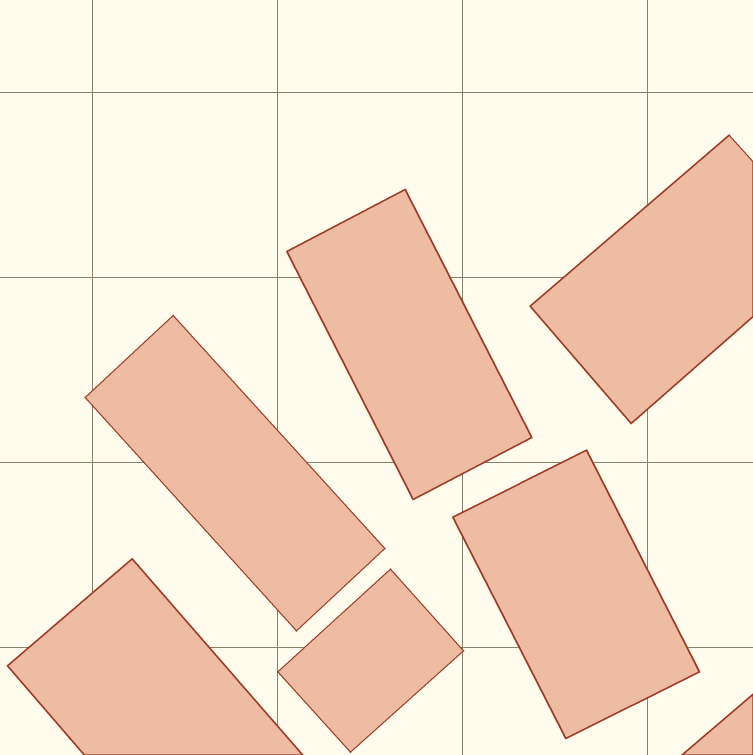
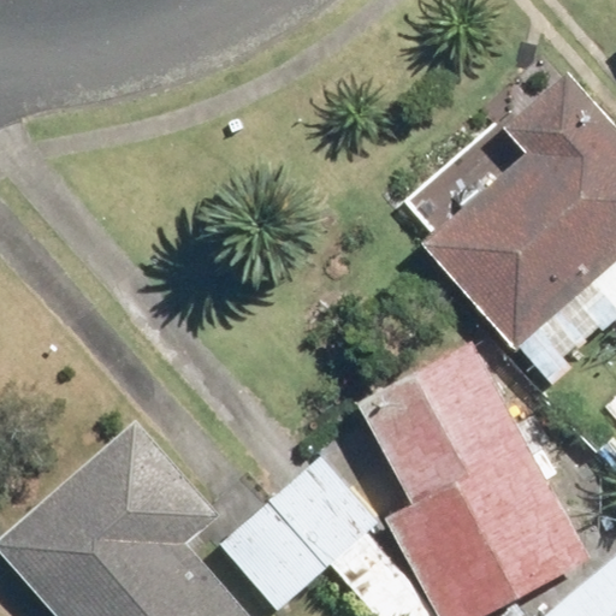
building: [287,190,532,500] -> none
building: [85,315,385,631] -> none

